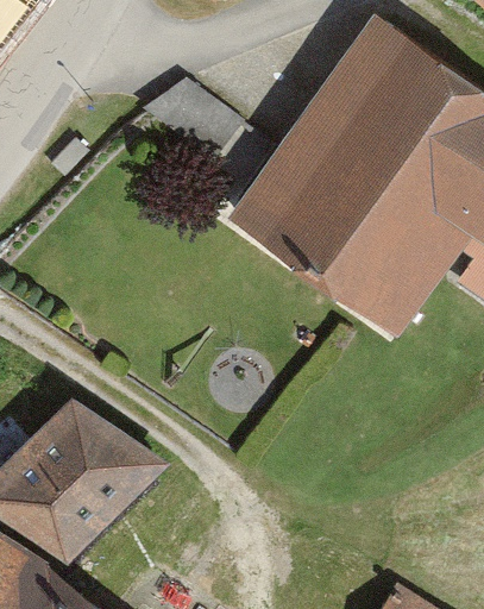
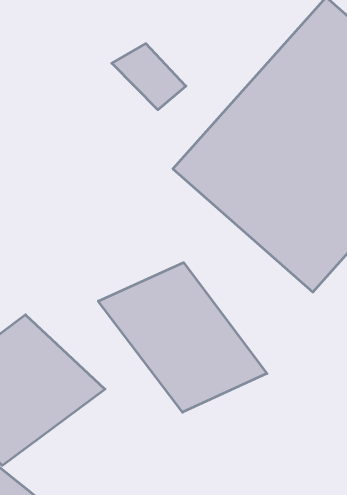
building: none -> [98,263,267,412]

